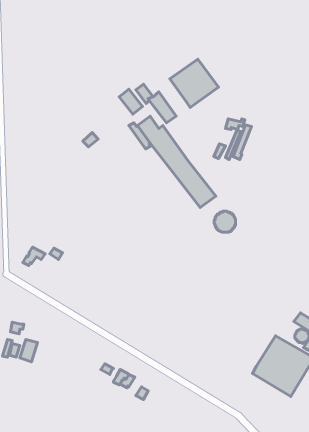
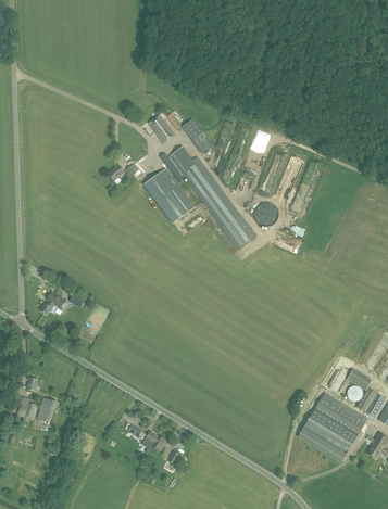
building: [170,59,218,107] -> none
building: none -> [143,169,192,222]
building: [214,211,236,232] -> [252,202,276,226]

